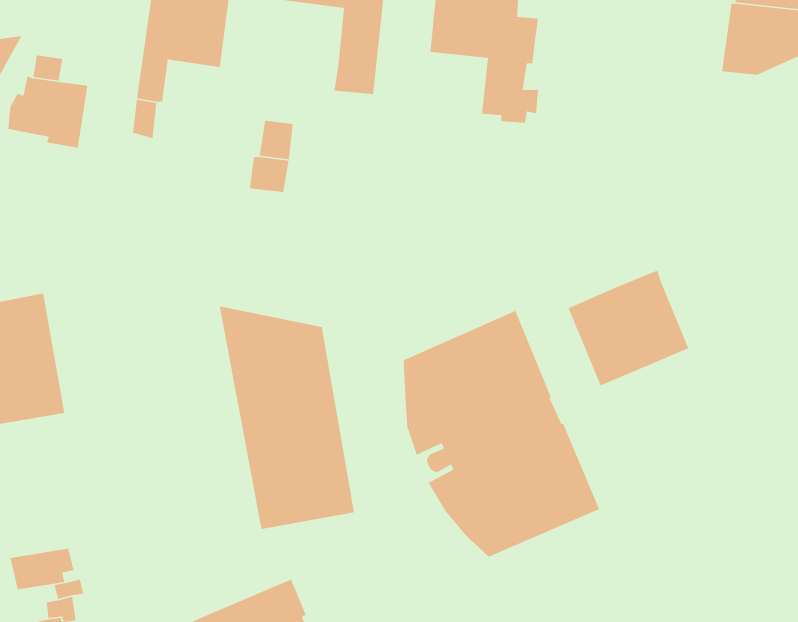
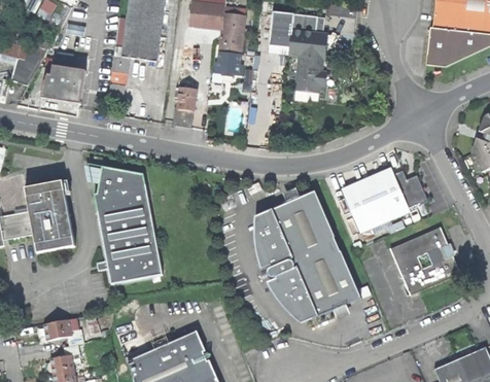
building: none -> [393,170,427,209]
building: [219,305,355,530] -> [89,163,162,283]
building: none -> [389,225,459,294]

